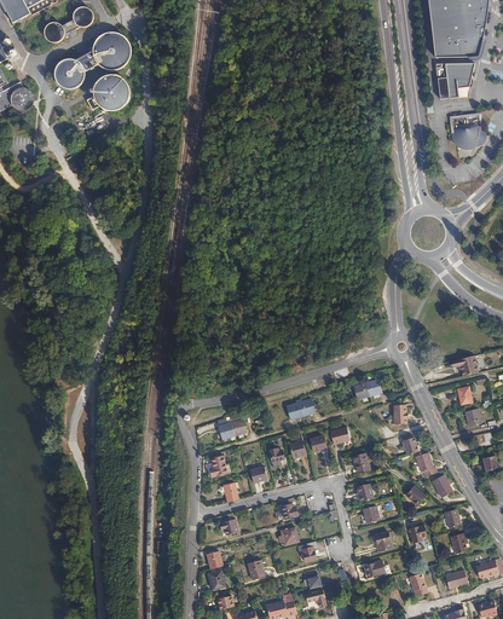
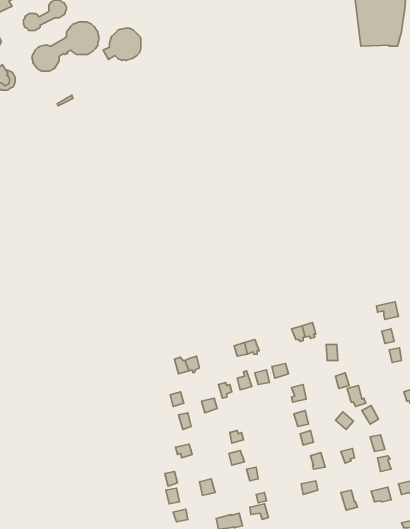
building: [434,64,472,100] -> none
building: [86,74,129,111] -> [103,28,141,61]
building: [449,115,481,146] -> none

